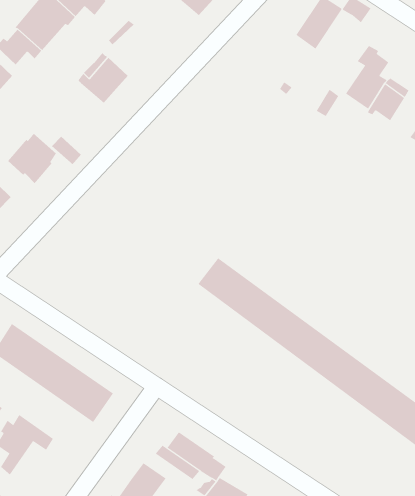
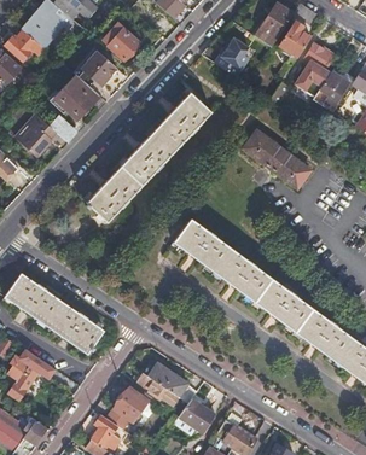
building: none -> [278,22,310,78]
building: none -> [109,28,141,60]
building: none -> [202,37,249,77]
building: none -> [51,75,103,121]
building: none -> [86,92,210,222]
building: none -> [243,130,309,188]

